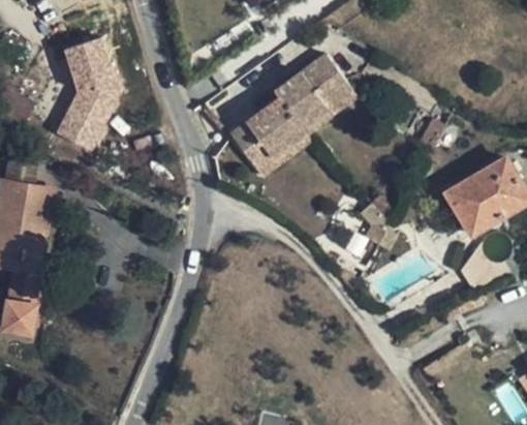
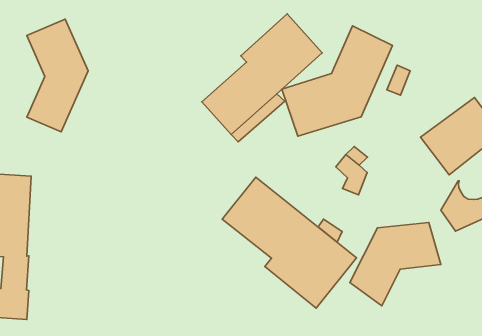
building: none -> [282,26,393,136]
building: none -> [222,177,357,308]
building: none -> [350,222,441,306]

